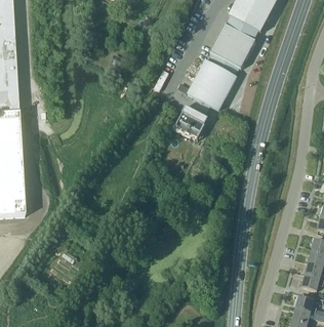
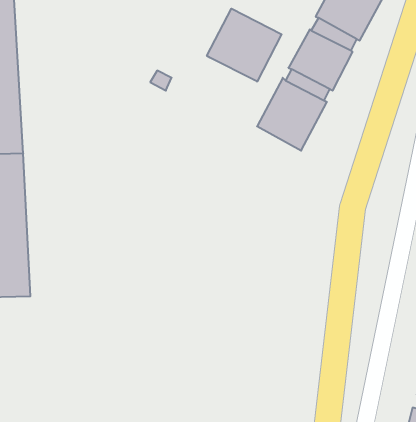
building: none -> [207,9,282,82]
building: [176,107,208,138] -> none

